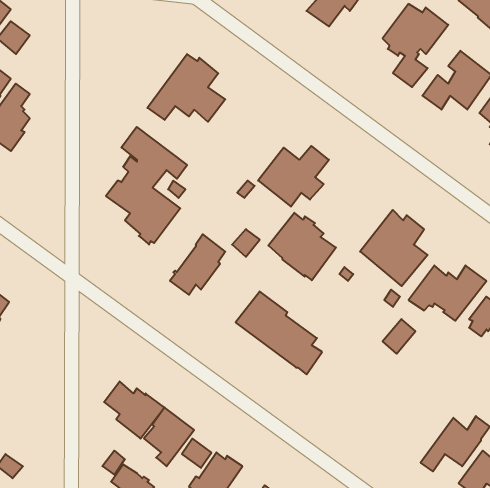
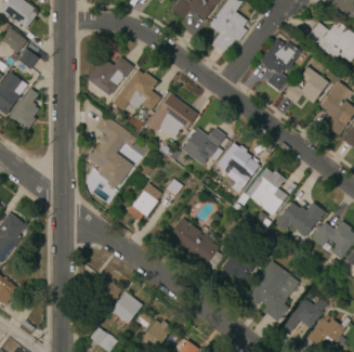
building: none -> [88,56,133,96]
building: none -> [147,93,197,136]
building: [268,213,336,280] -> [218,143,260,185]
building: none -> [222,250,254,284]
building: none -> [244,260,298,322]

